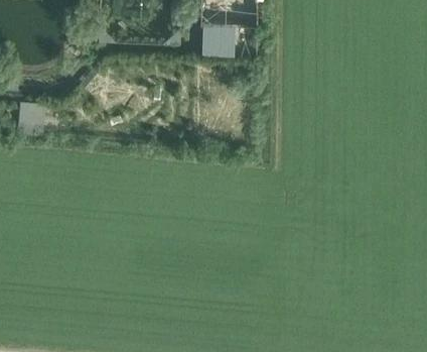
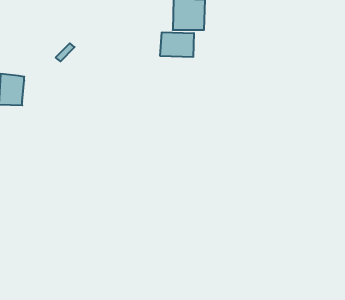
building: none -> [160,32,194,57]

